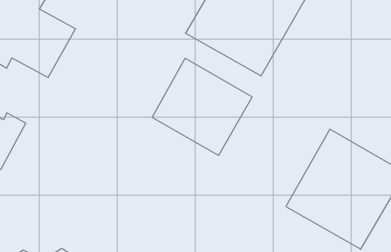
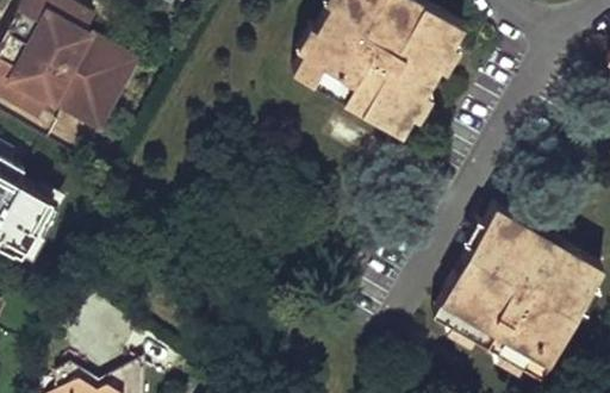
building: [152,58,252,155] -> none

